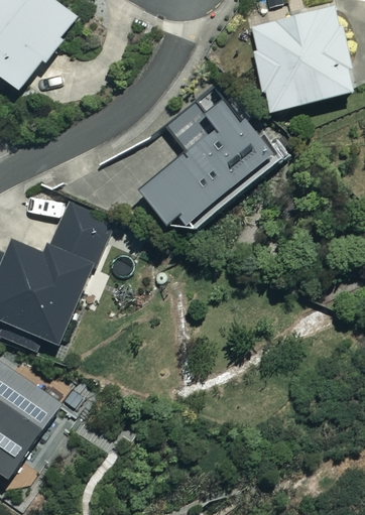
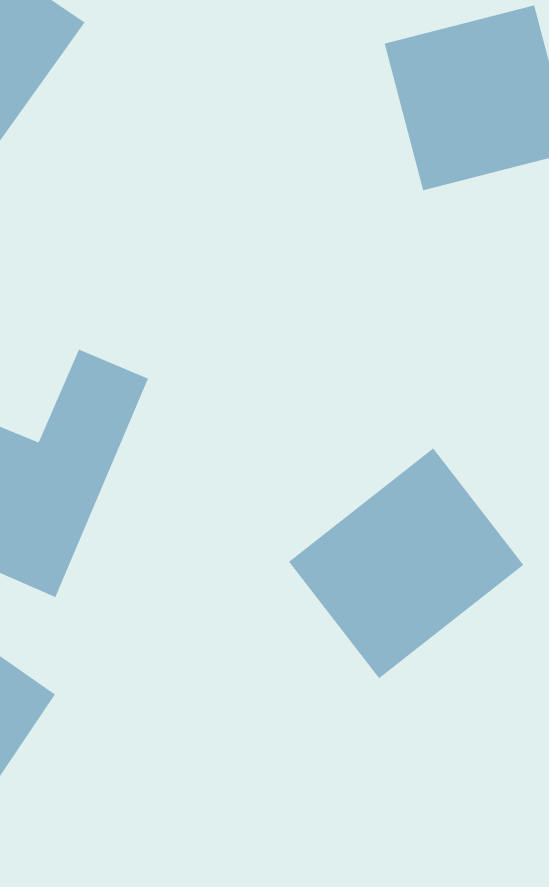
building: [137,87,291,229] -> none
building: none -> [288,447,524,679]

